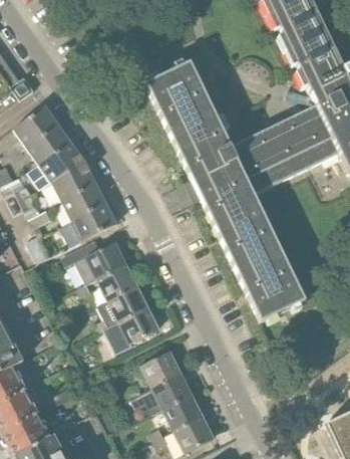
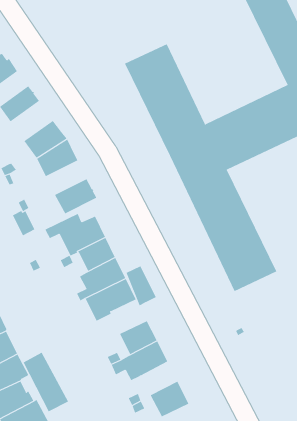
building: [26,121,71,163] -> none
building: [63,183,106,219] -> none
building: none -> [126,266,156,306]
building: none -> [23,352,69,412]
building: [162,394,202,429] -> none

